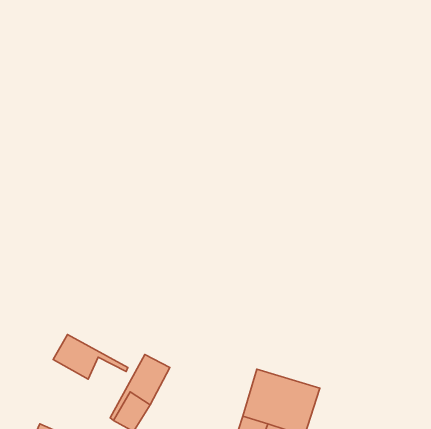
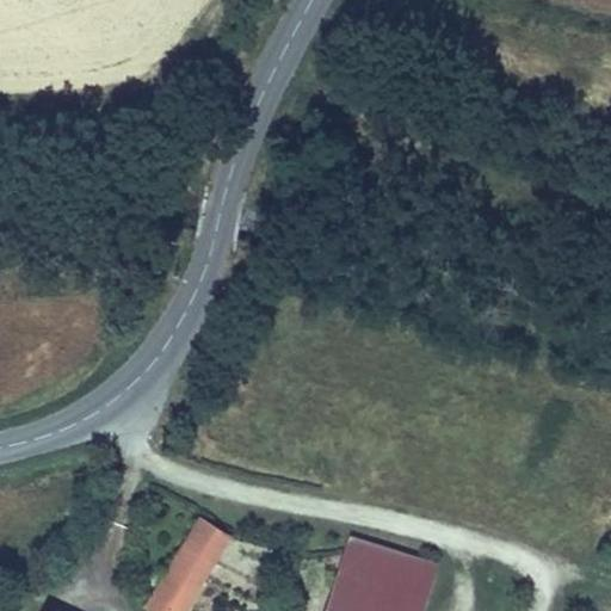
building: [53,334,128,379] -> none

